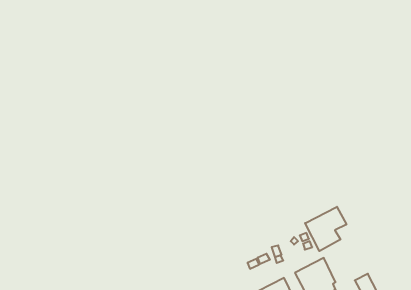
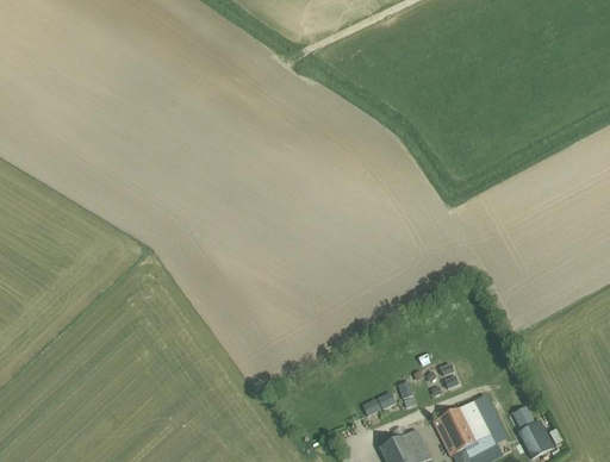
building: [305,207,346,251] -> none

